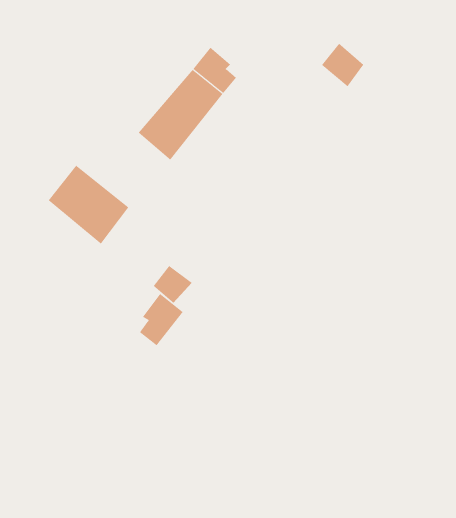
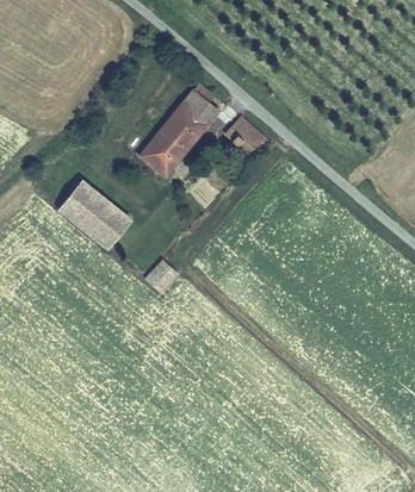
building: [321,43,364,87] -> [225,122,260,157]
building: [139,293,184,346] -> none

